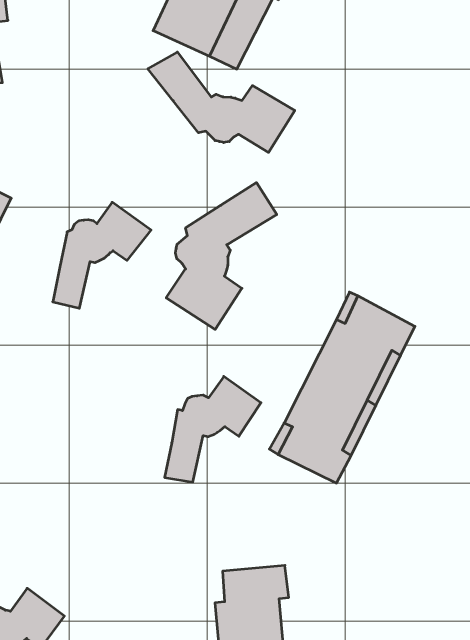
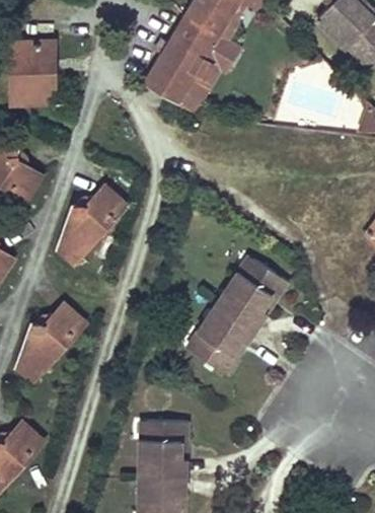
building: [148,52,295,152] -> none
building: [166,183,277,329] -> none
building: [165,376,261,482] -> [18,305,84,369]

